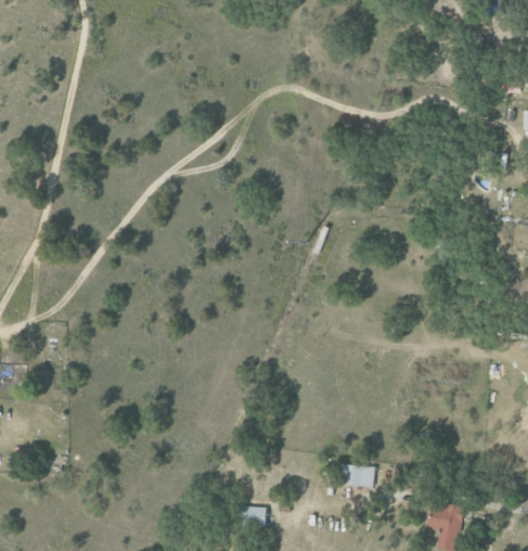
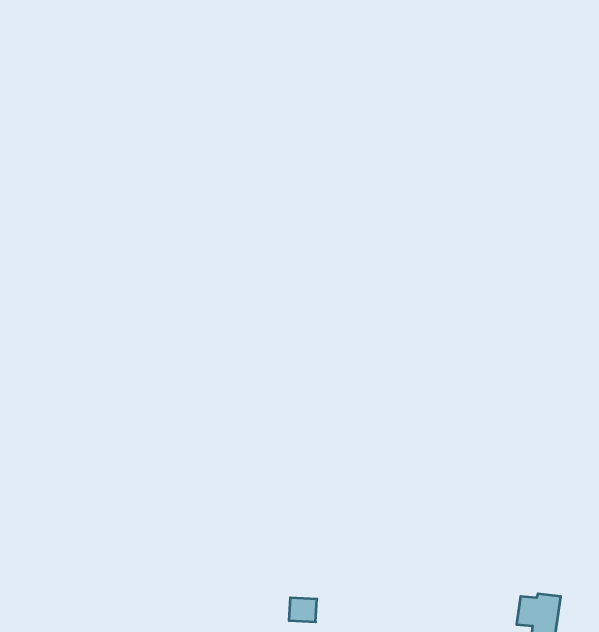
building: [342,465,375,488] -> none

